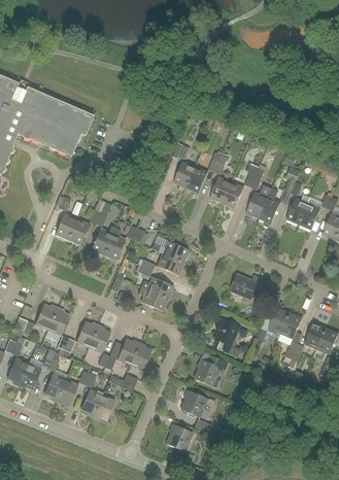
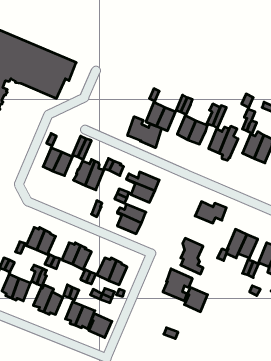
building: none -> [128,117,161,148]
building: [179,389,206,417] -> [184,288,208,312]
building: [165,423,192,451] -> [89,313,112,338]

